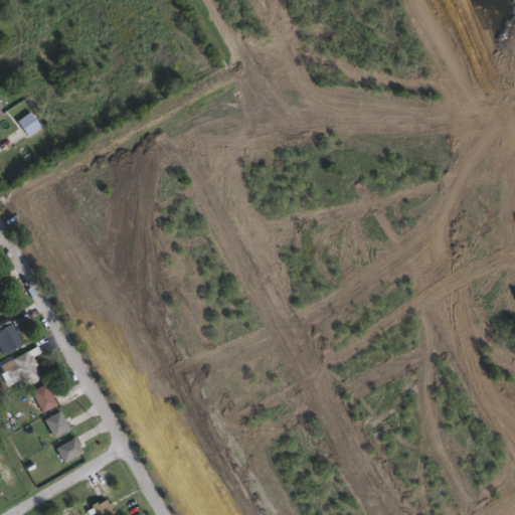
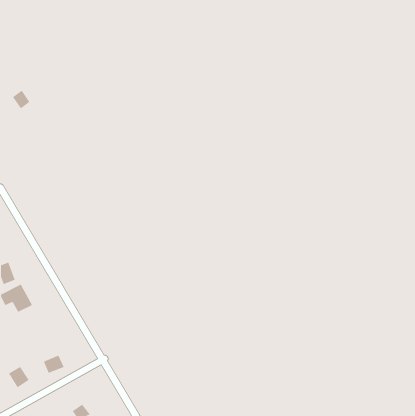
building: [30,383,57,413] -> none
building: [44,411,70,439] -> [8,366,30,388]

